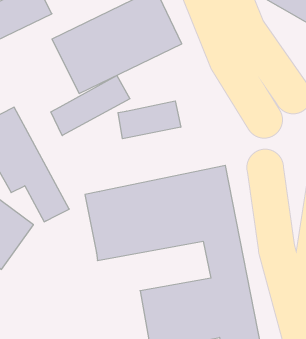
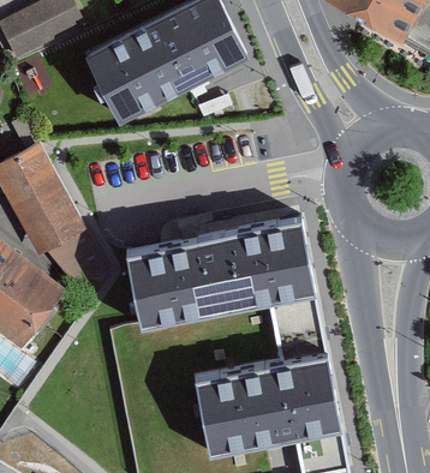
building: [51,76,130,136] -> none
building: [118,101,181,139] -> none

